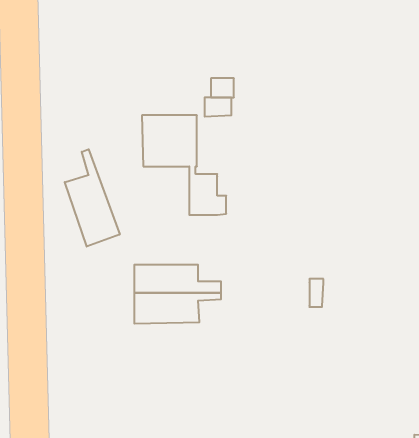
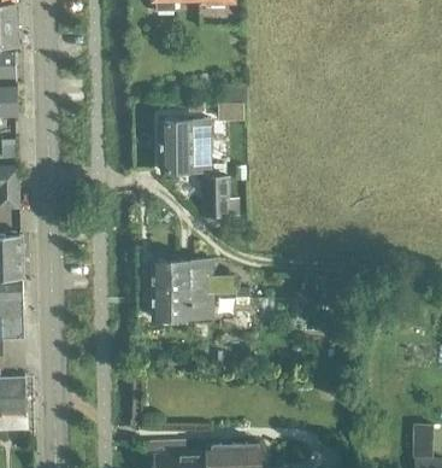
building: [65,149,120,247] -> none

